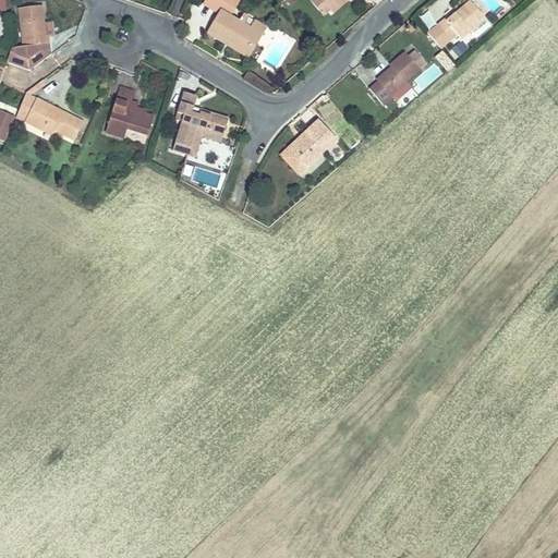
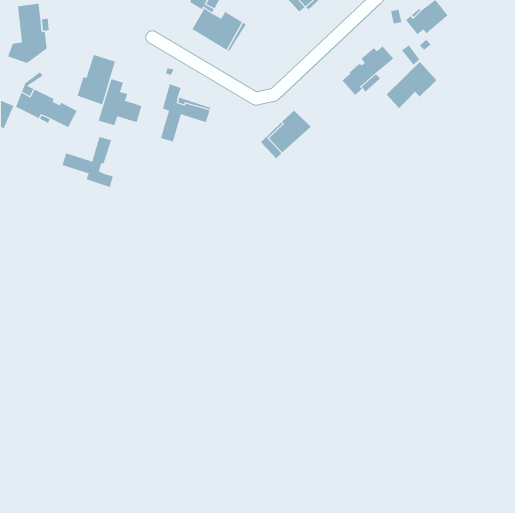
building: none -> [77,54,116,105]
building: none -> [386,61,437,109]
building: [187,124,223,156] -> none
building: none -> [62,136,114,188]

